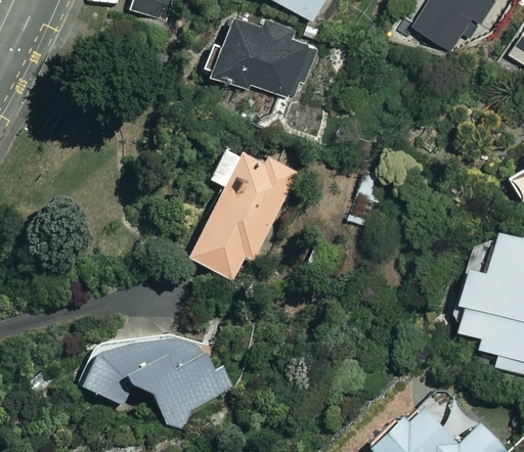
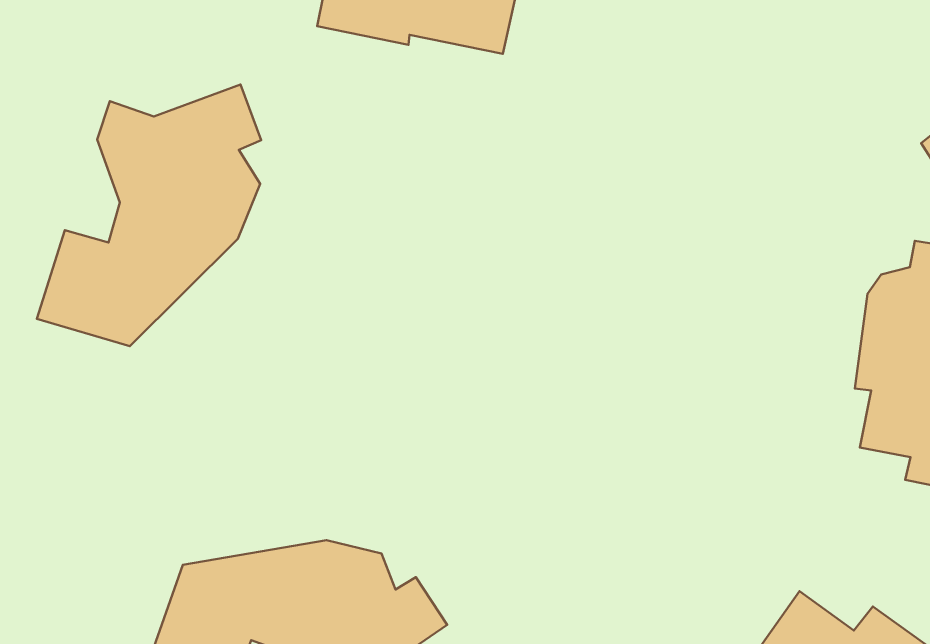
building: none -> [37,84,261,346]
building: [188,146,299,280] -> none

